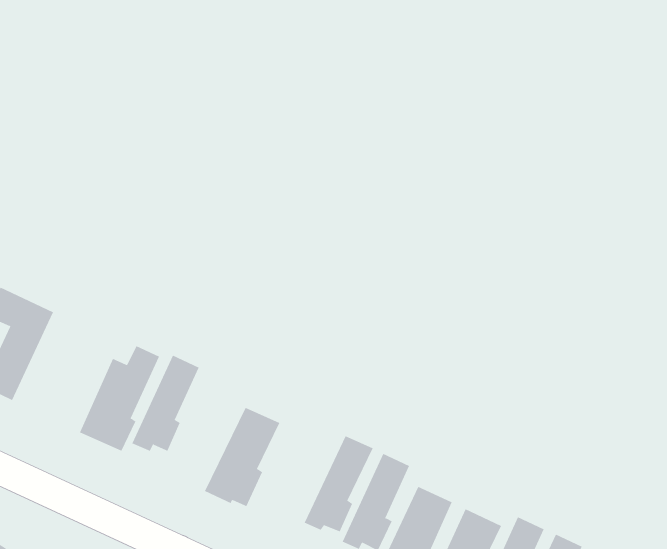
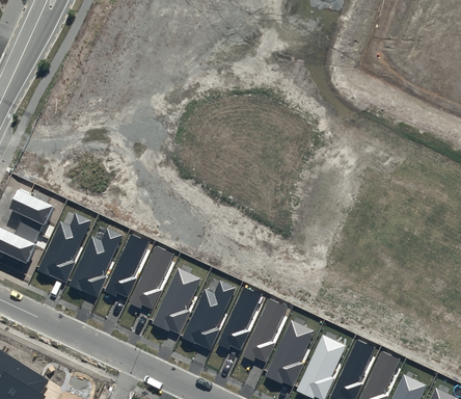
building: none -> [38,213,91,283]
building: none -> [129,245,174,310]
building: none -> [183,281,236,349]

